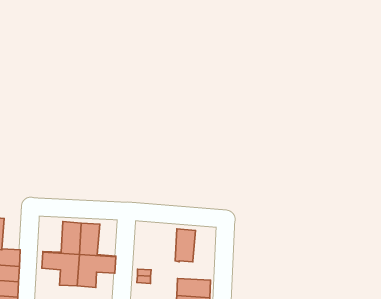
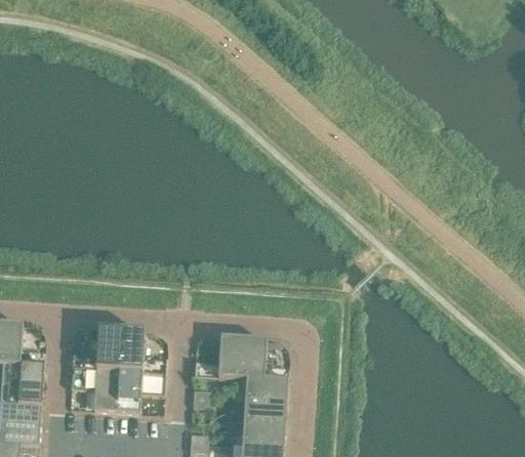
building: none -> [216,335,242,377]
building: none -> [243,377,286,402]

